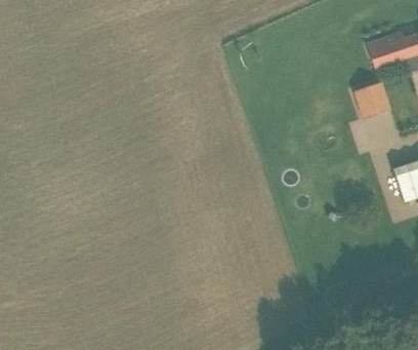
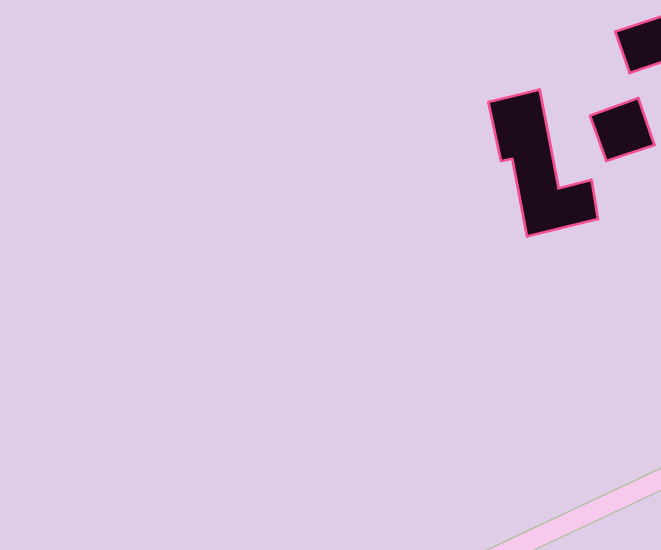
building: none -> [489,89,598,237]

